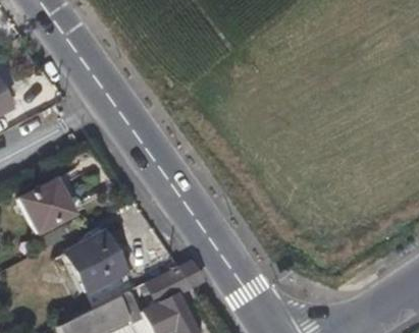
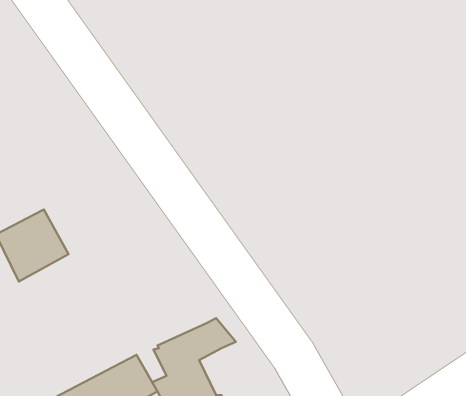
building: [66,229,135,294] -> none

